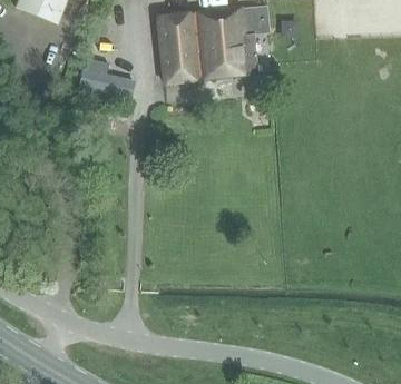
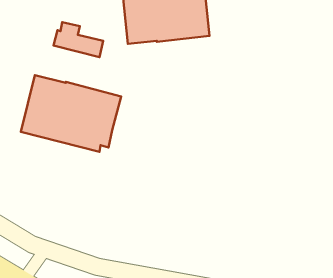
building: none -> [21,75,121,152]

